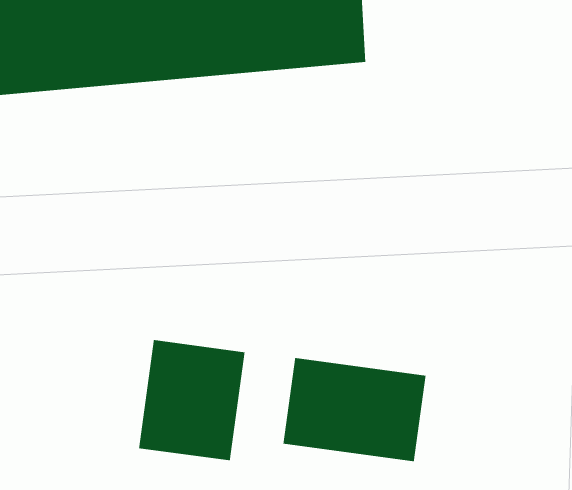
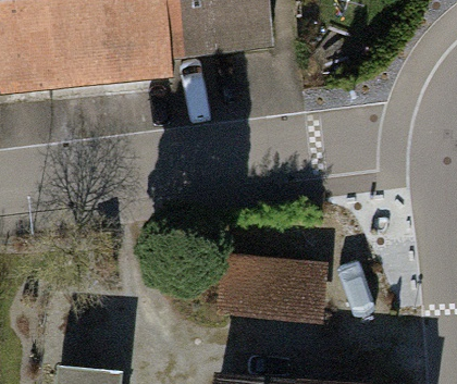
building: [138,339,245,461] -> none

